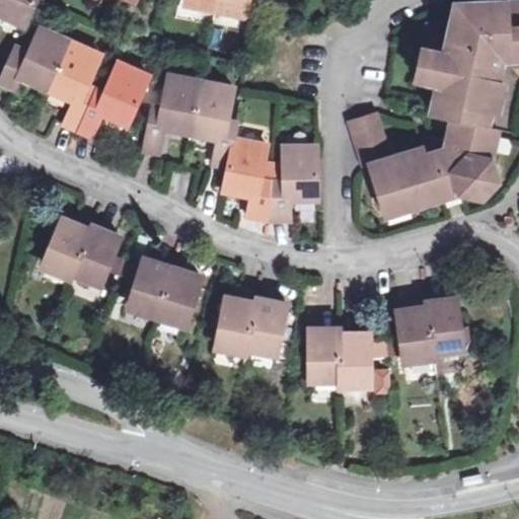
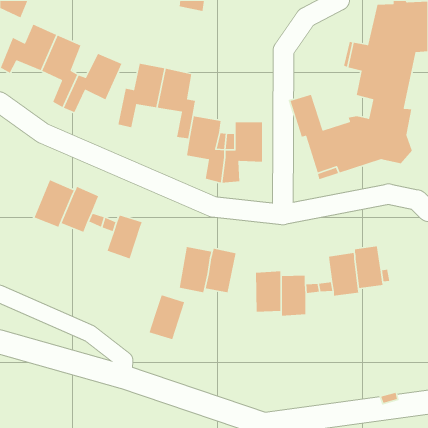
building: [157,268,202,323] -> [148,294,185,340]

